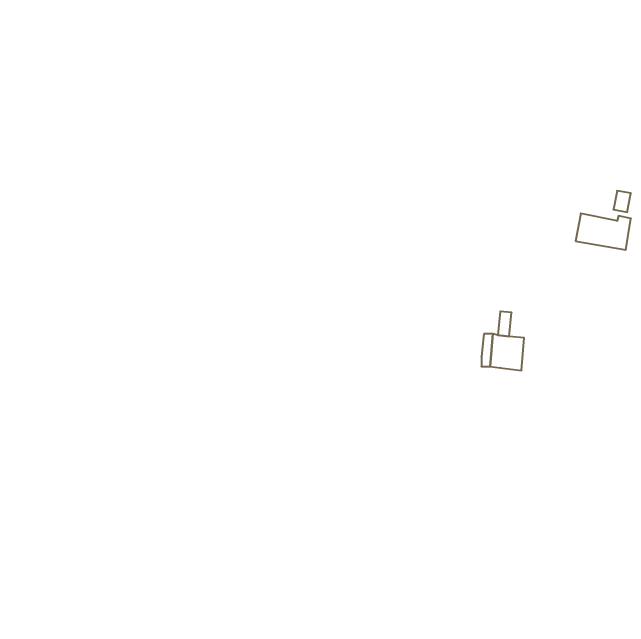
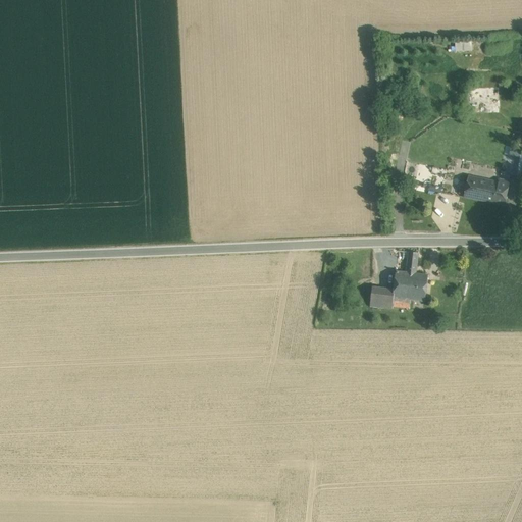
building: none -> [368,288,392,307]

